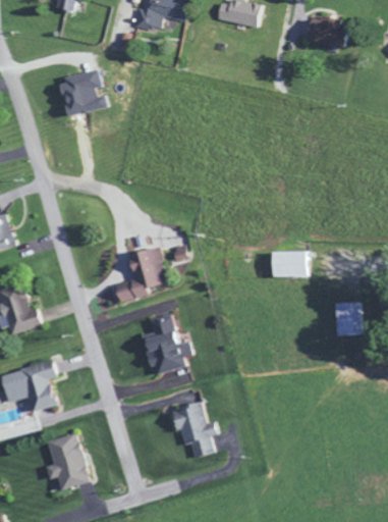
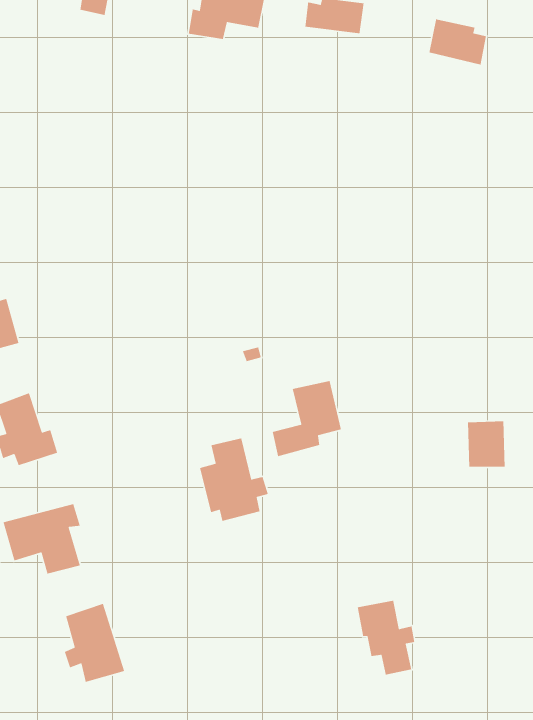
building: [60,71,107,115] -> none
building: [117,248,167,303] -> [272,380,342,457]
building: [273,251,309,276] -> none
building: [173,404,215,458] -> [357,600,415,675]

